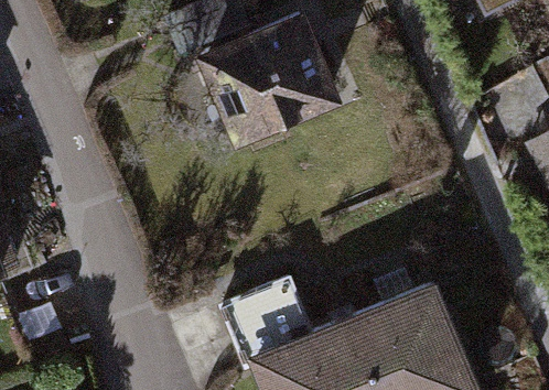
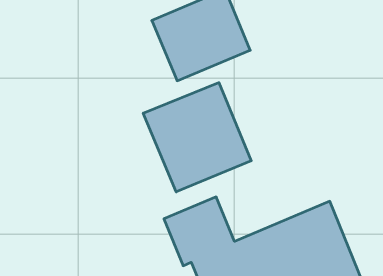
building: none -> [143,83,251,192]

